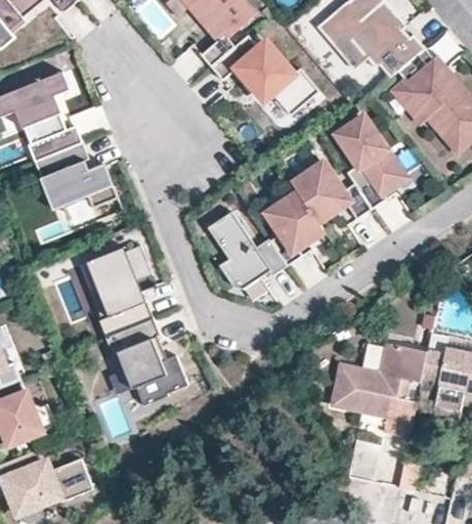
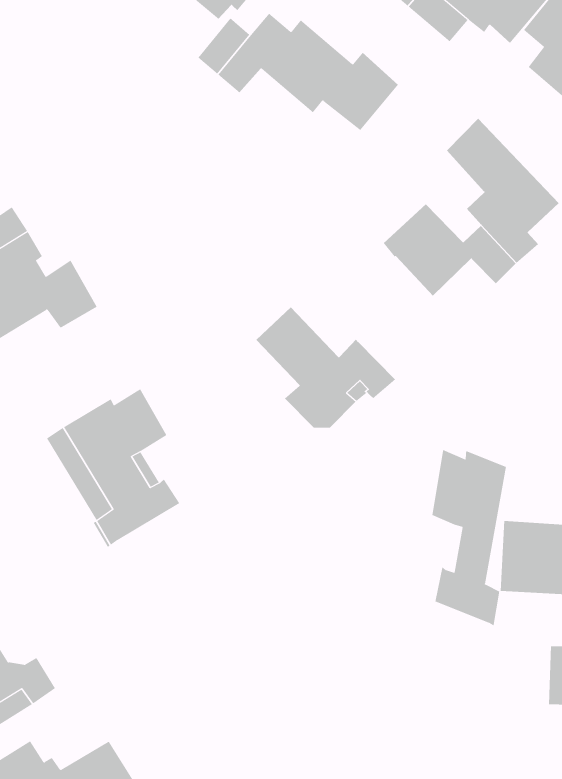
building: [269,193,324,267] -> none
building: none -> [432,449,506,627]
building: [104,317,186,405] -> none

